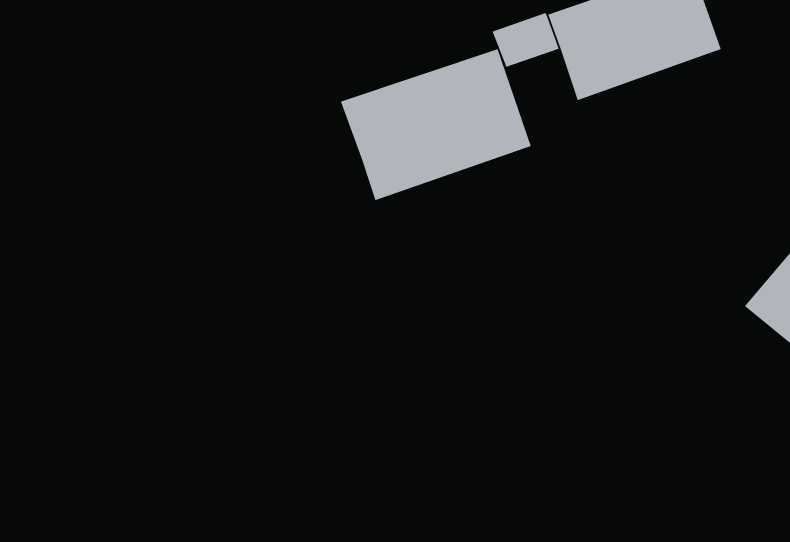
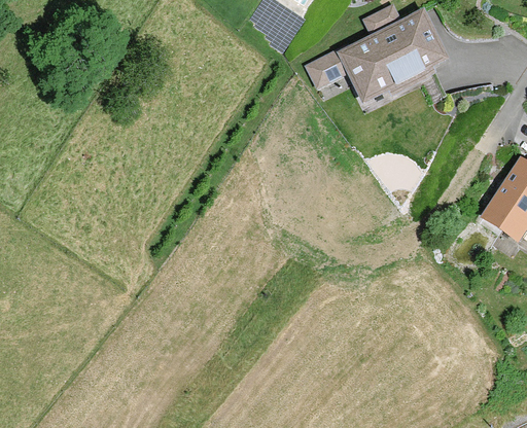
building: [340,48,532,201] -> none

